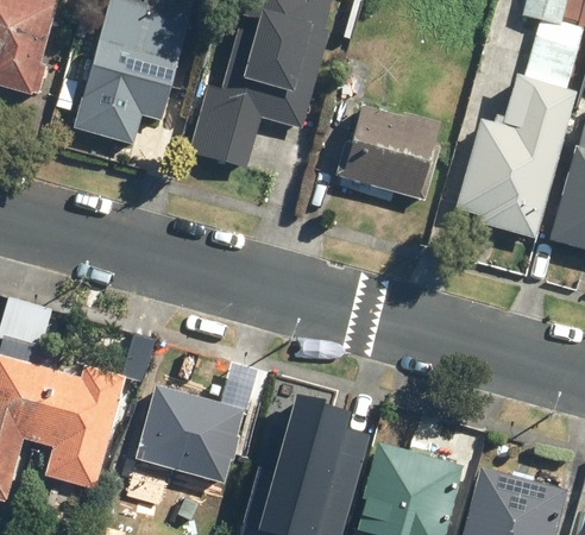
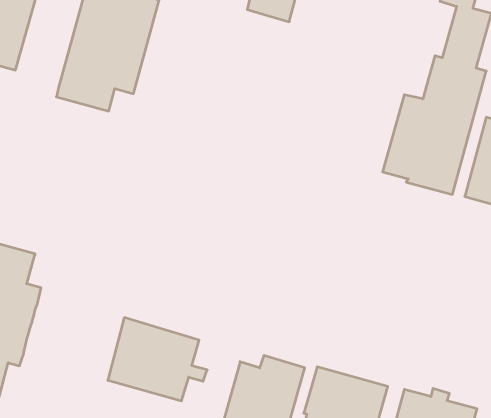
building: [203,33,301,163] -> none
building: [336,111,435,202] -> none
building: [34,364,122,483] -> none

